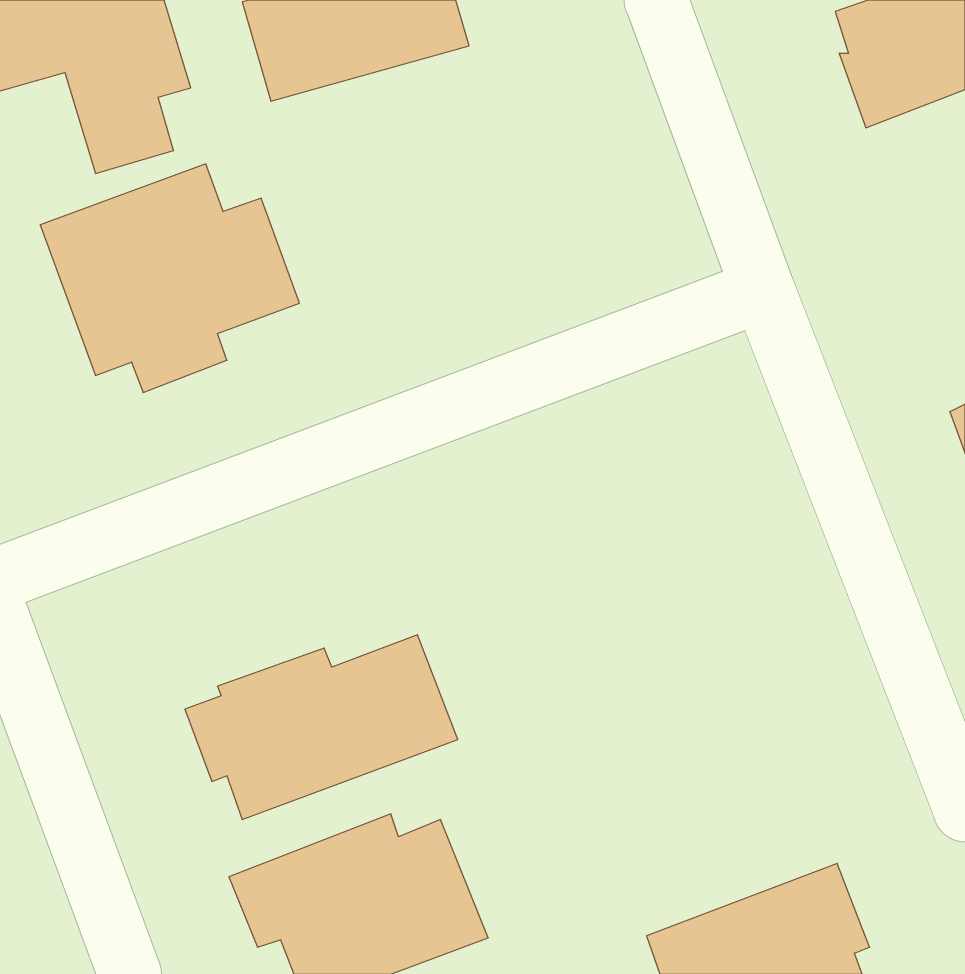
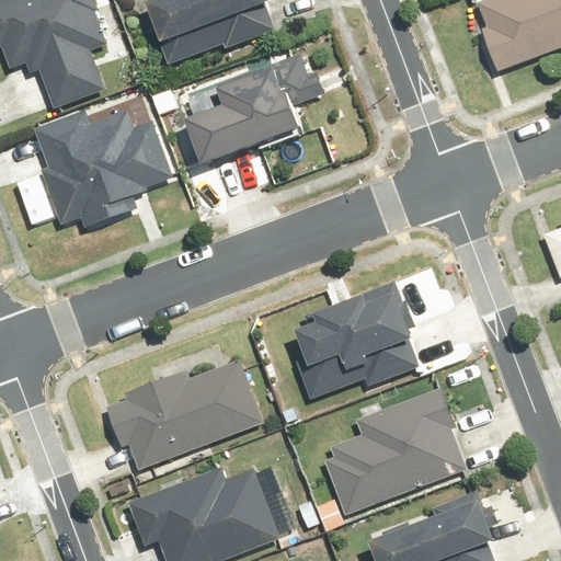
building: none -> [175,48,316,158]
building: none -> [294,285,425,404]
building: none -> [321,393,469,518]

